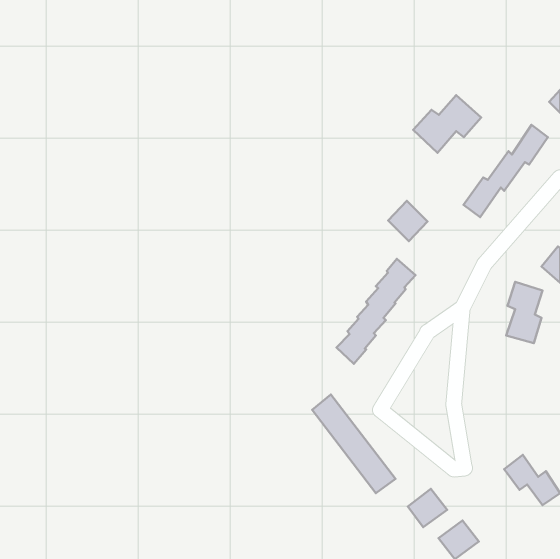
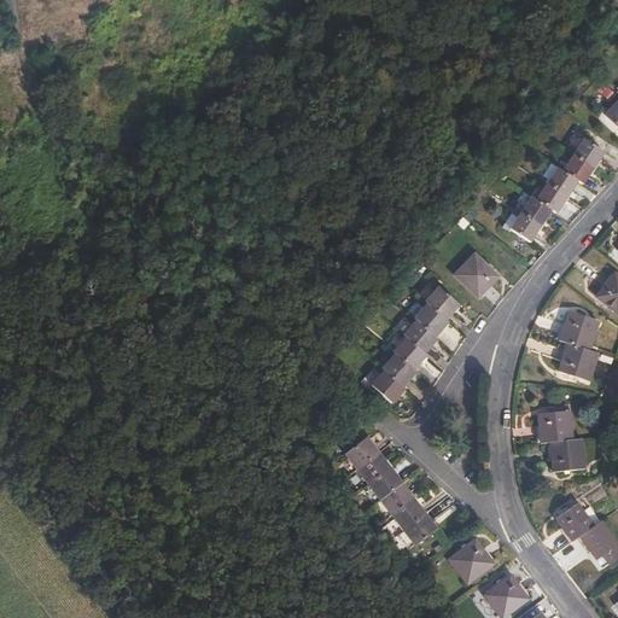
building: [413,95,481,153] -> none
building: [388,201,428,241] -> [454,251,497,296]
building: none -> [537,409,584,470]

